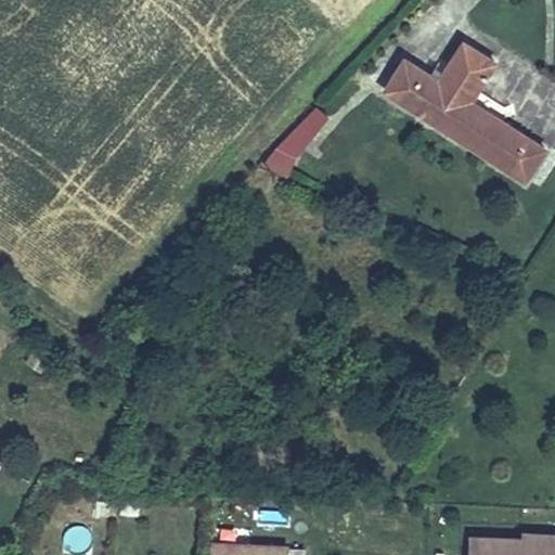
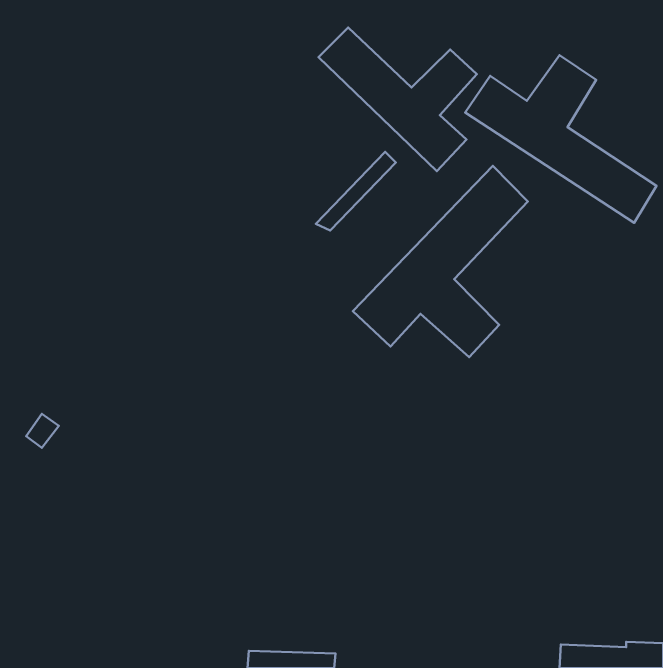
building: none -> [318,28,477,171]
building: none -> [353,166,528,357]

